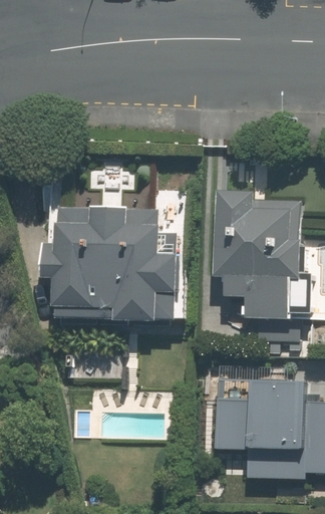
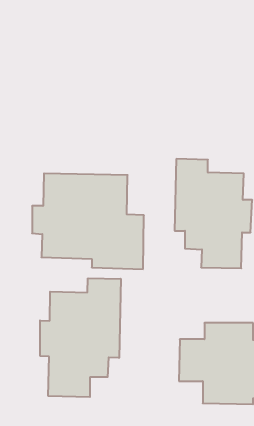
building: none -> [40,278,121,397]

